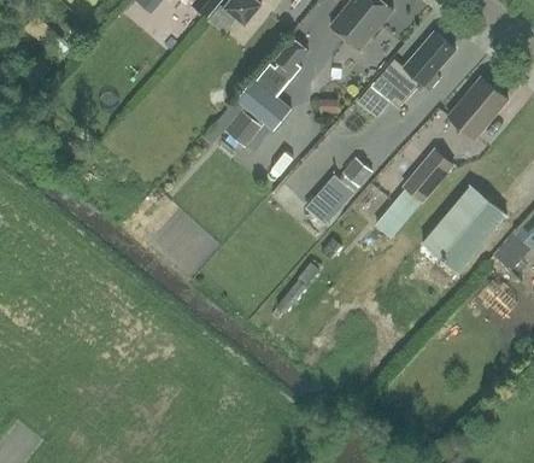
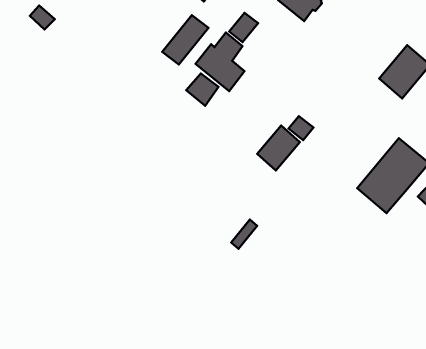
building: [371,31,456,107] -> none
building: none -> [162,15,209,65]
building: [374,148,453,238] -> none

